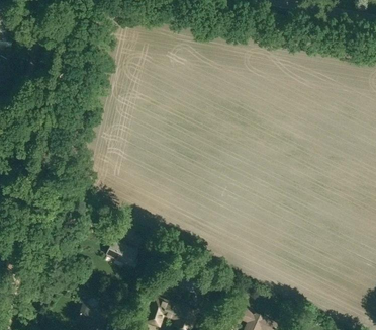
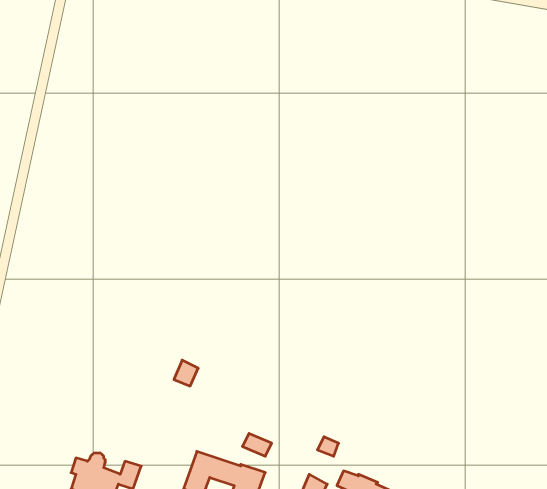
building: [106,240,139,269] -> none

